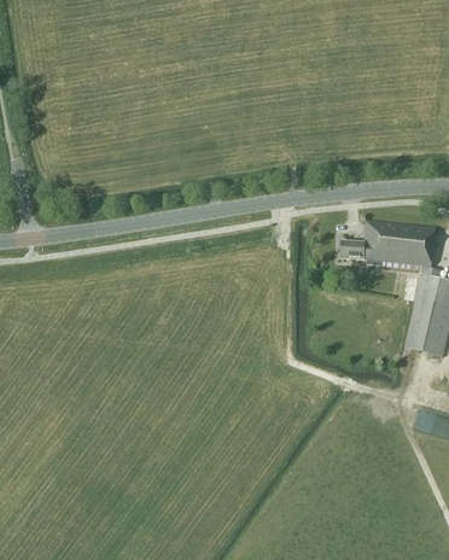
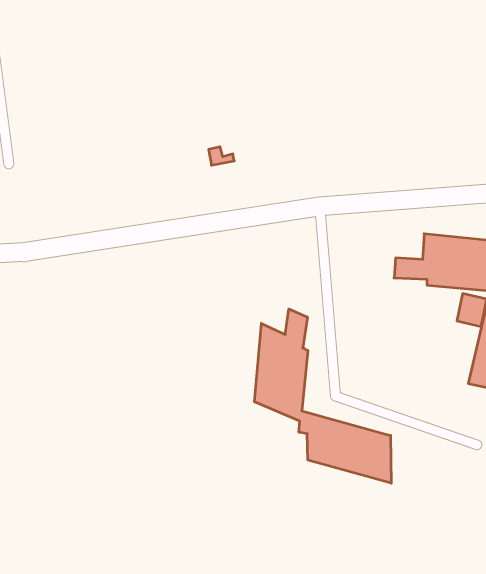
building: none -> [255,309,391,483]

